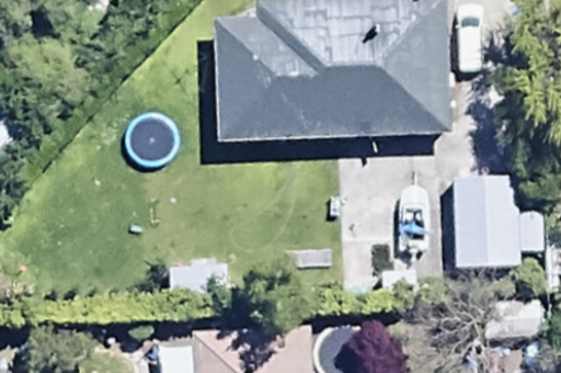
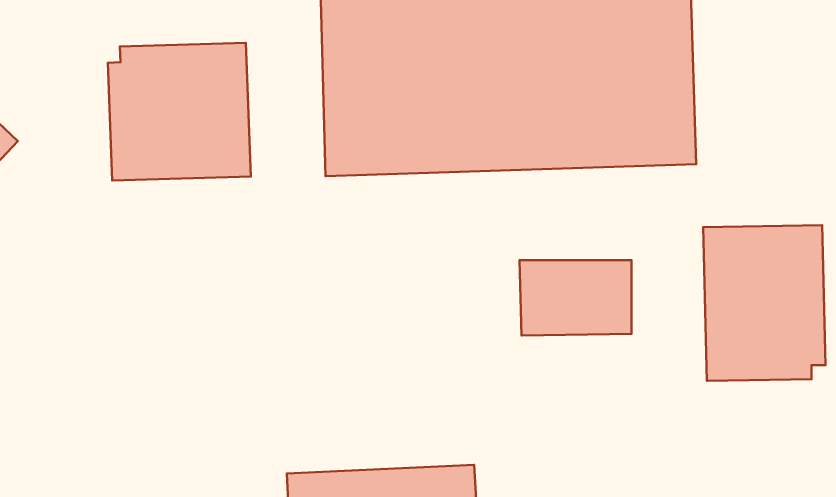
building: none -> [108,43,251,181]

